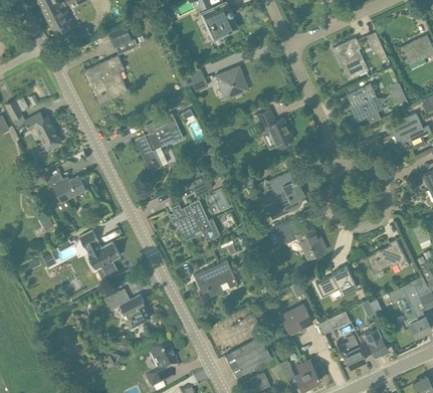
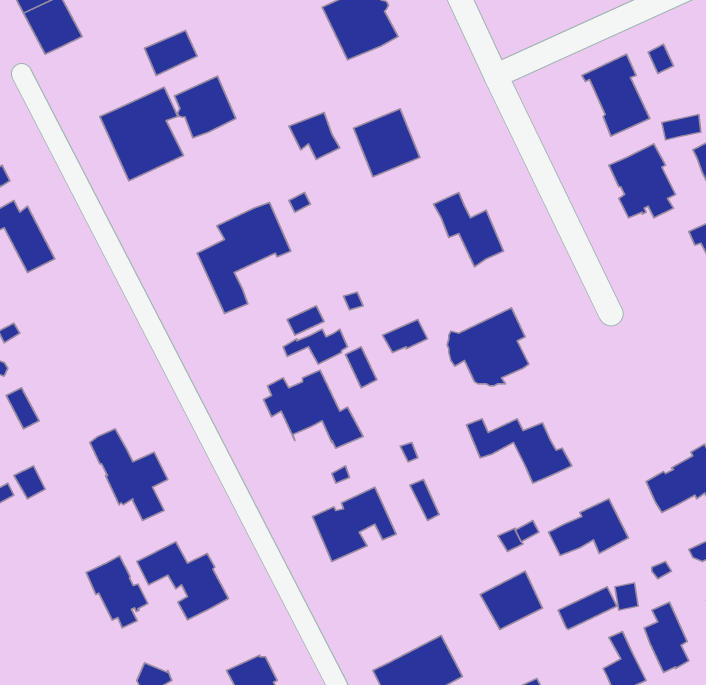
building: none -> [174,76,236,138]
building: [45,172,85,212] -> none
building: none -> [86,556,148,628]

